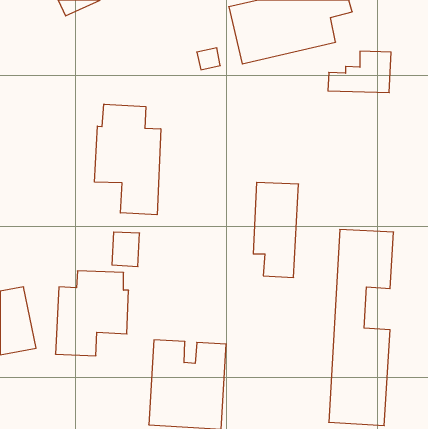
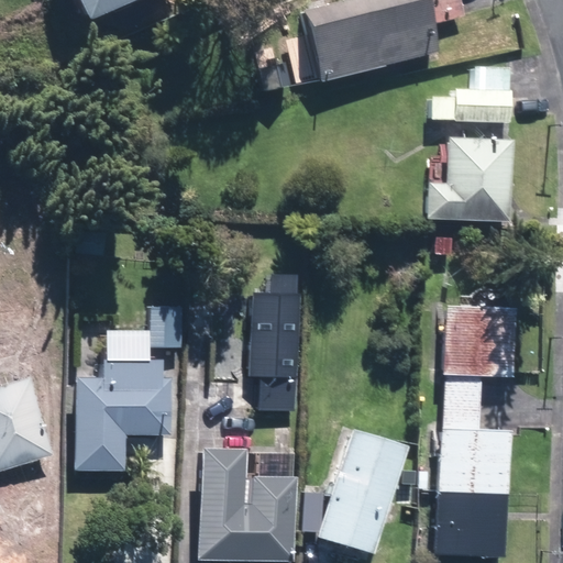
building: none -> [427,134,512,221]
building: [95,104,161,215] -> none
building: [253,182,299,277] -> [243,288,302,412]
building: none -> [301,426,409,554]

